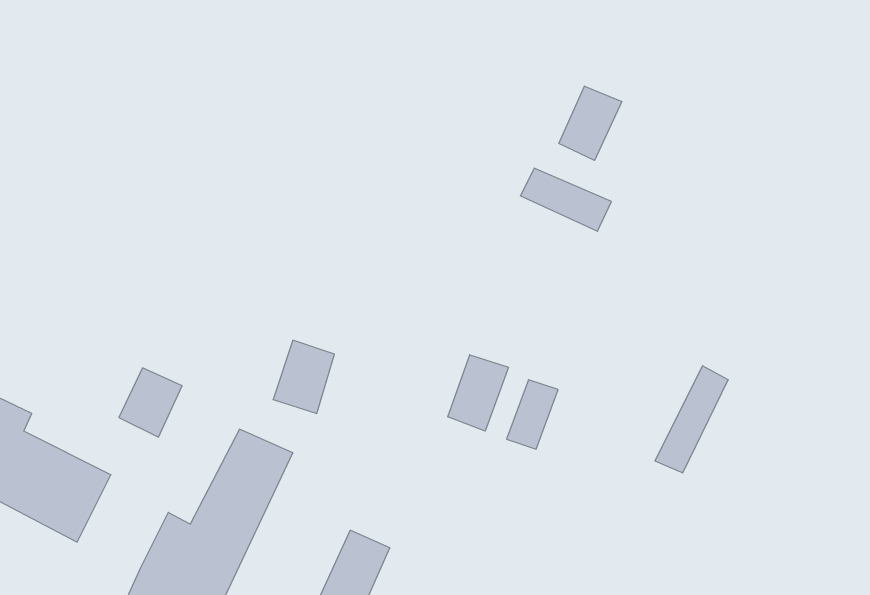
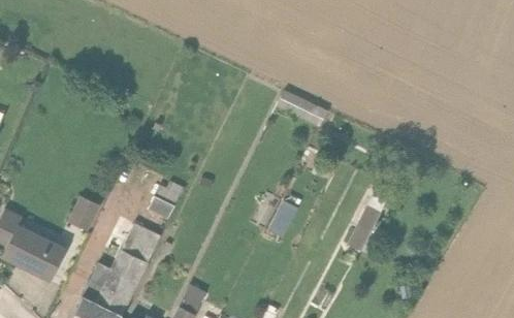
building: [559,86,622,160] -> none
building: [448,355,509,431] -> none

